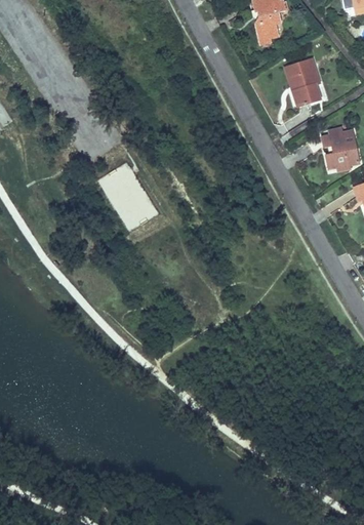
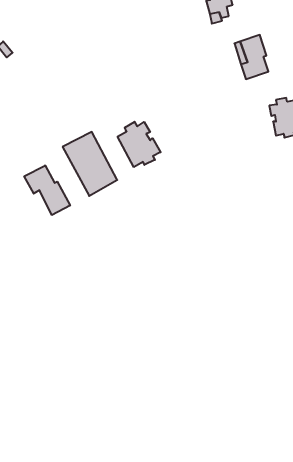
building: none -> [118,122,161,167]
building: none -> [24,165,70,215]

